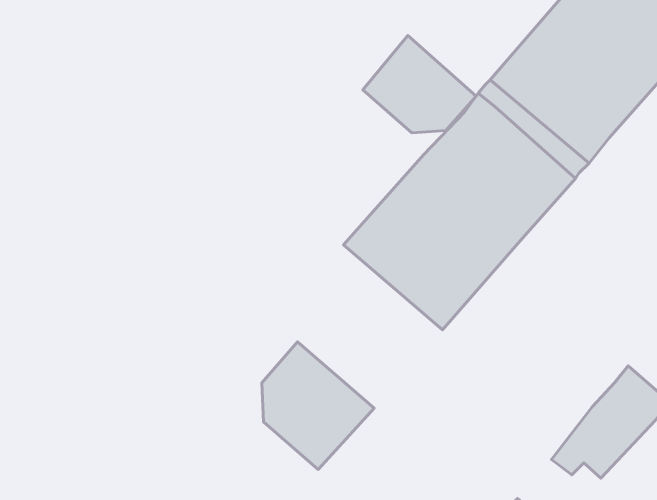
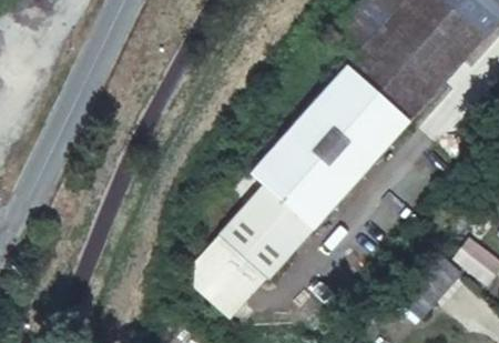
building: [363,36,476,133] -> none
building: none -> [222,184,316,279]

